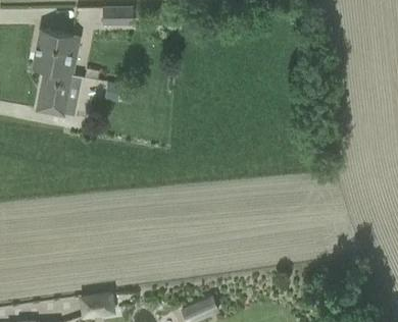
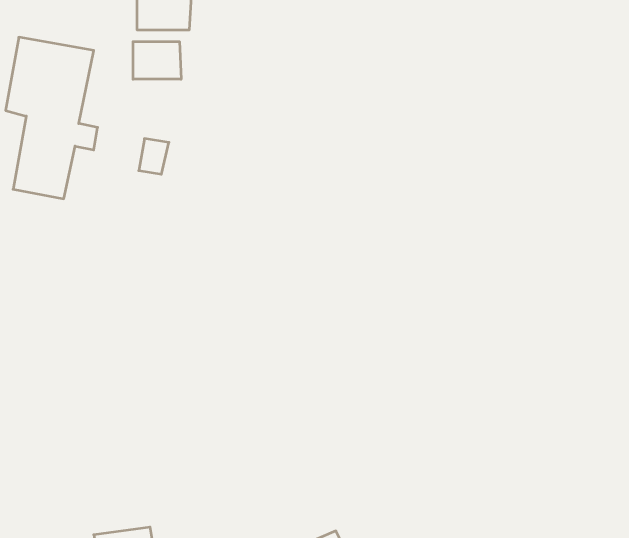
building: none -> [133,42,181,79]

